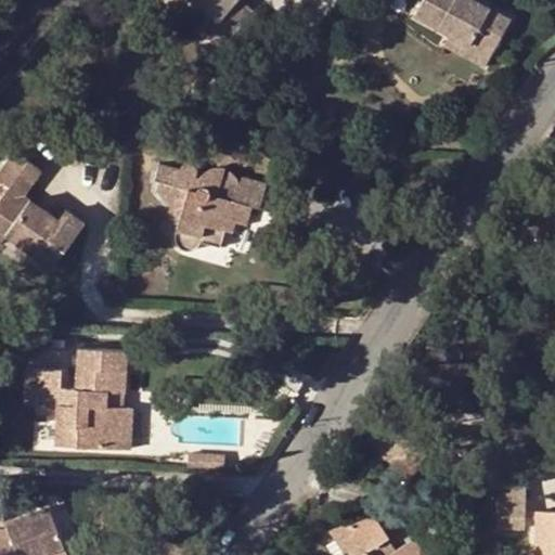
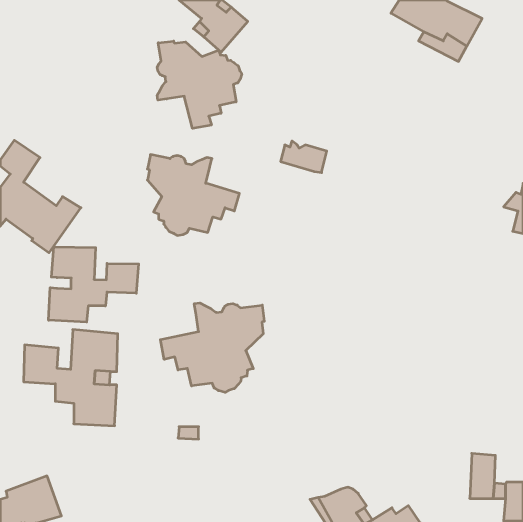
building: none -> [157,41,242,128]
building: [218,173,267,207] -> [281,141,327,173]
building: none -> [49,247,139,322]
building: none -> [160,303,264,392]

